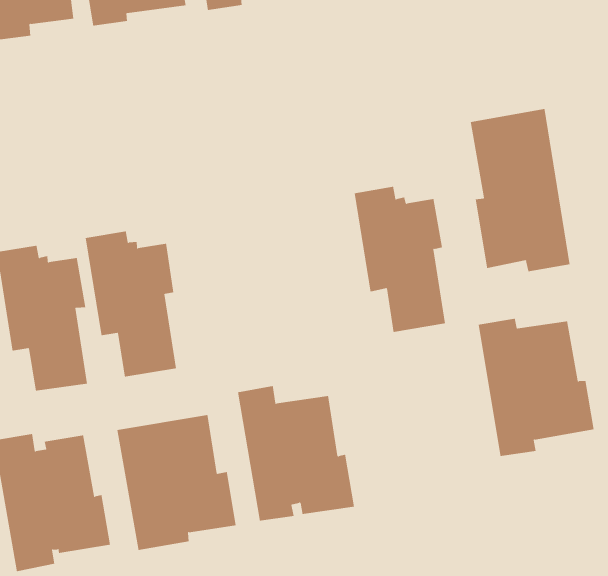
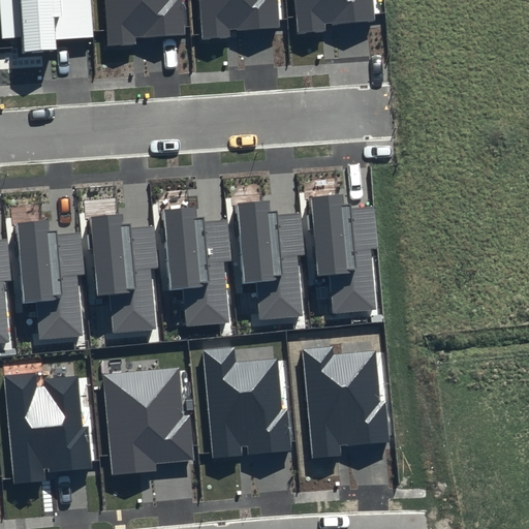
building: [470,108,570,272] -> none
building: none -> [236,201,305,320]
building: none -> [162,208,231,326]
building: [478,318,595,456] -> [302,346,391,458]

